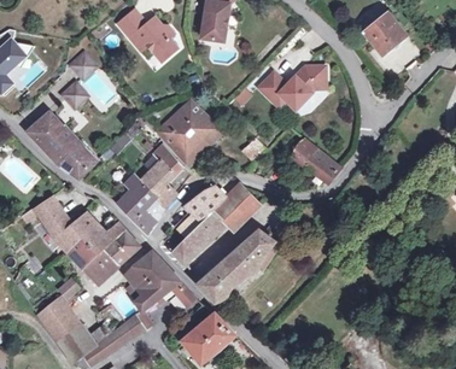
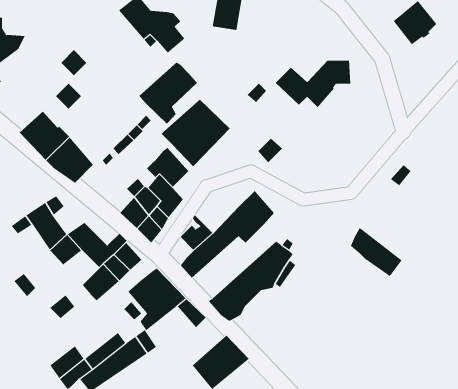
building: none -> [138,62,198,124]
building: [293,137,340,182] -> [350,227,402,277]
building: [186,186,226,222] -> none
building: [68,238,100,269] -> none
building: [37,297,78,341] -> none

